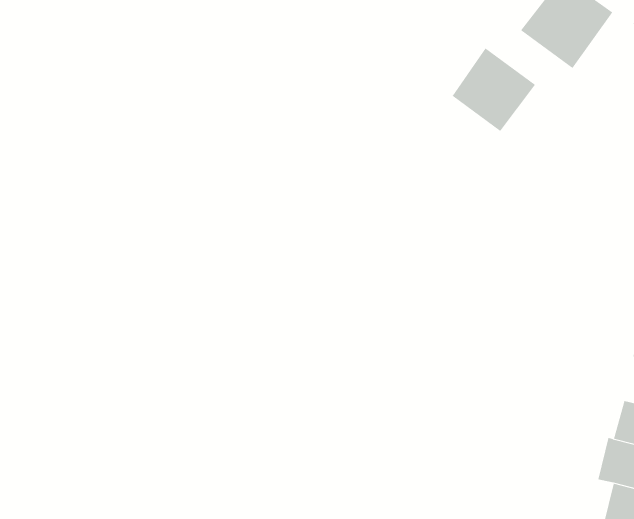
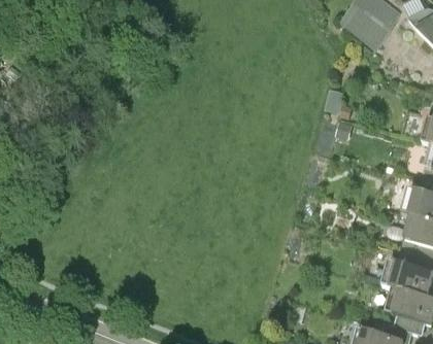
building: [452,47,536,132] -> none

